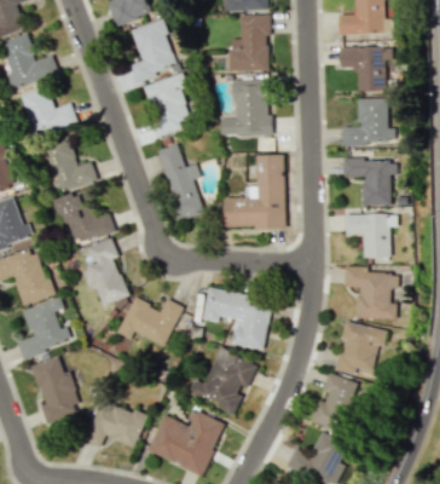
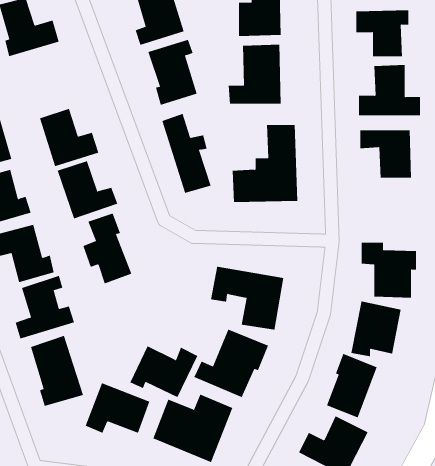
building: [21,86,76,136] -> none
building: [345,214,396,259] -> none
building: [117,298,183,347] -> [129,346,198,398]

